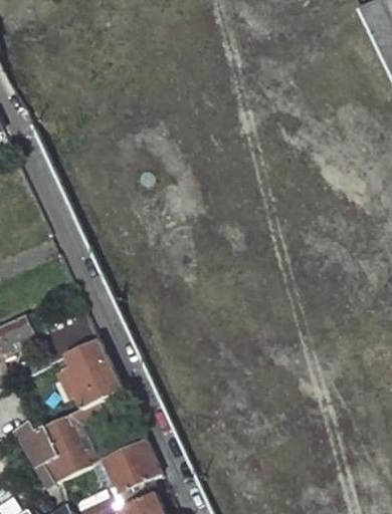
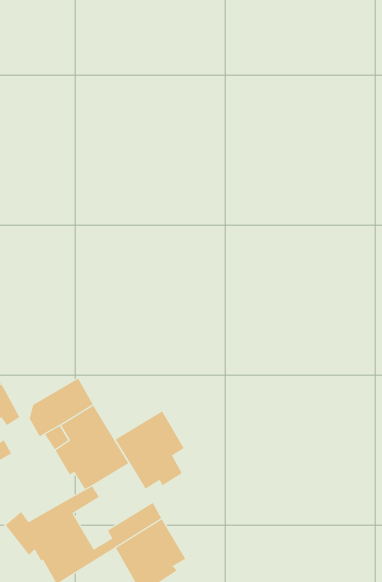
building: none -> [115,411,185,489]

